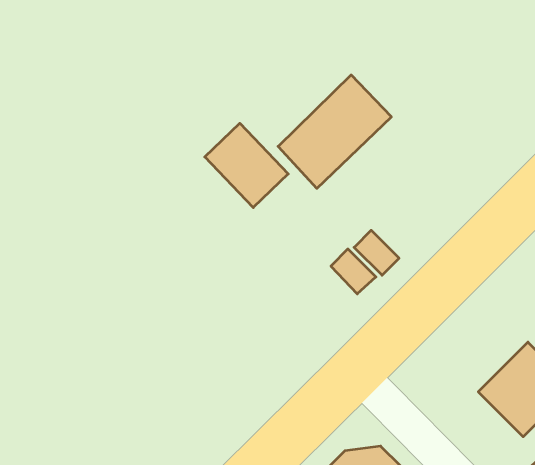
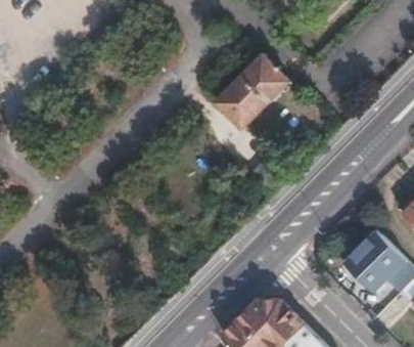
building: [205,123,288,208] -> none

